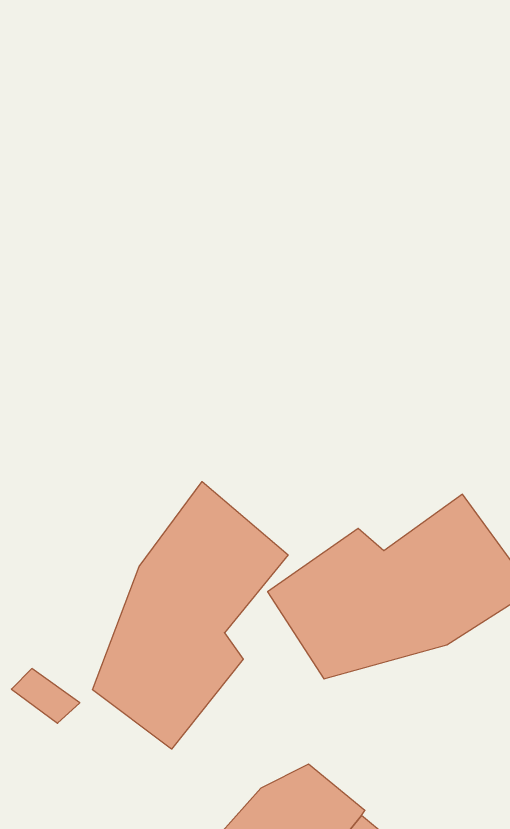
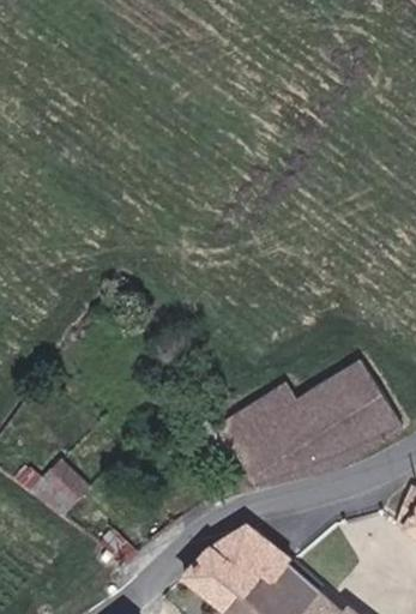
building: [92,482,288,749] -> none

